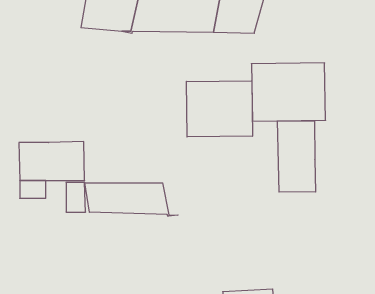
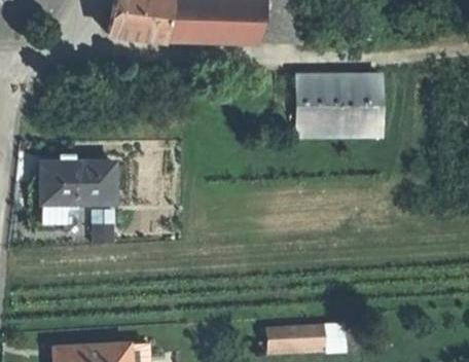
building: [186,81,252,137] -> none
building: [277,121,316,192] -> none
building: [85,183,178,216] -> none

